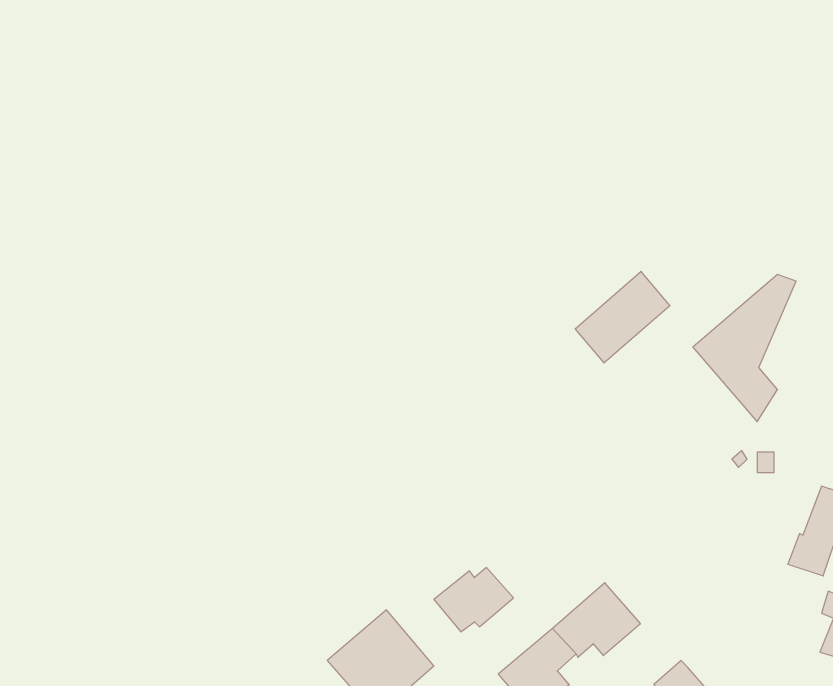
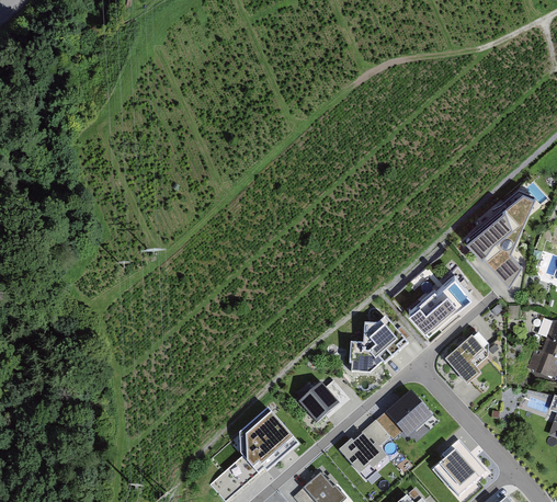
building: [575,271,670,363] -> [417,270,478,329]
building: none -> [348,316,408,373]
building: none -> [452,335,490,384]

